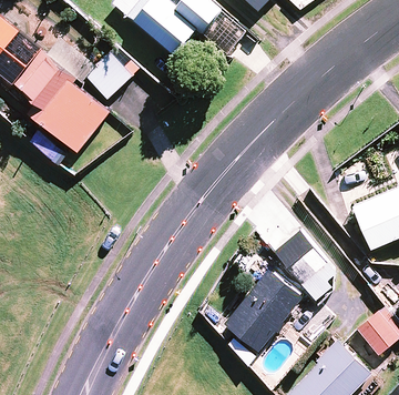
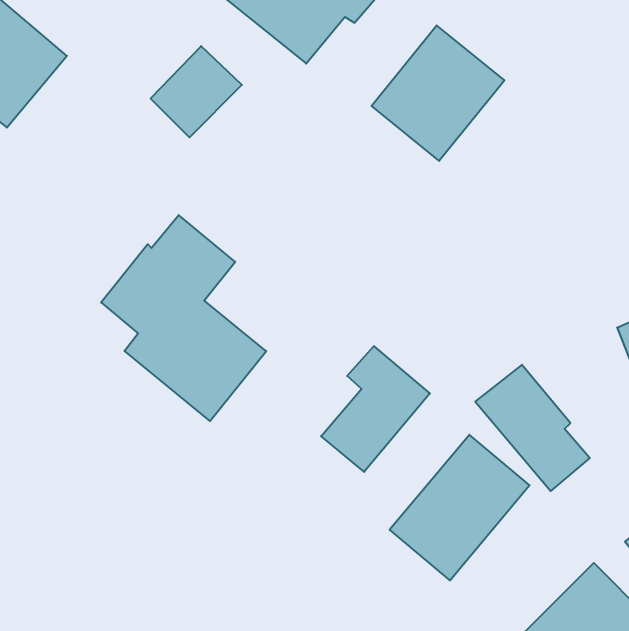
building: none -> [371,25,504,161]
building: [16,34,110,152] -> [101,215,266,421]
building: none -> [321,346,430,472]

